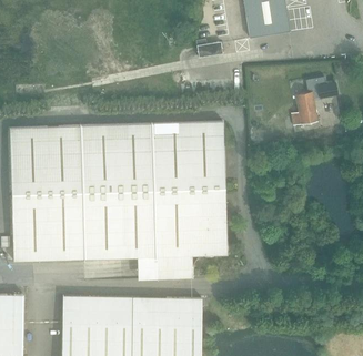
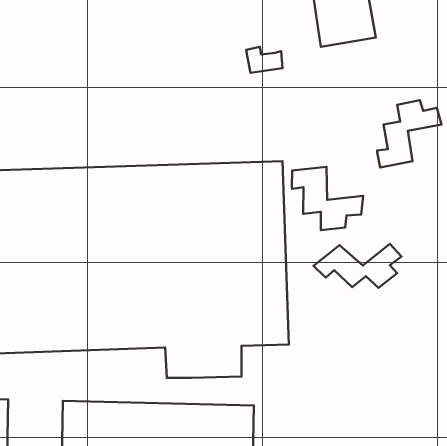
building: none -> [292,167,363,230]
building: none -> [313,244,401,288]

